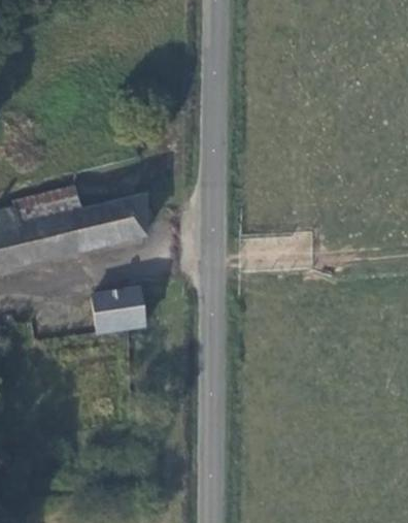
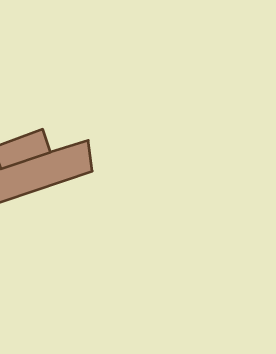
building: [94,289,144,330] -> none

